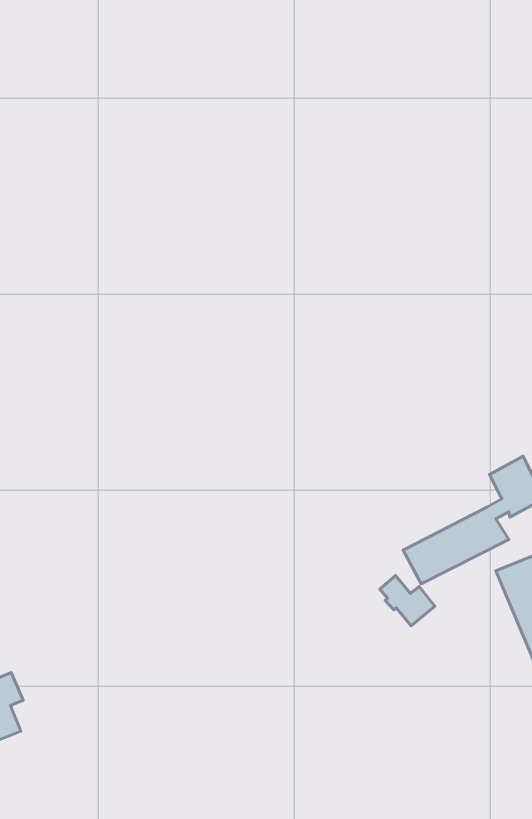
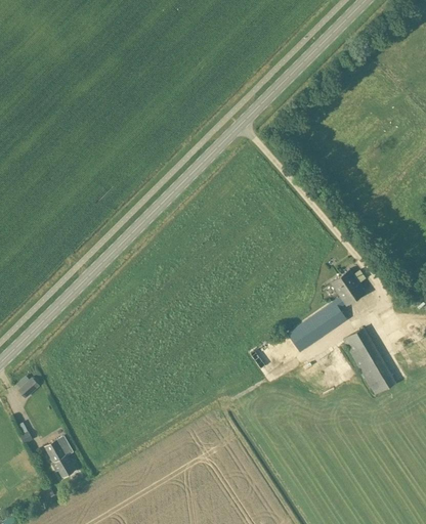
building: [380,576,435,626] -> none

